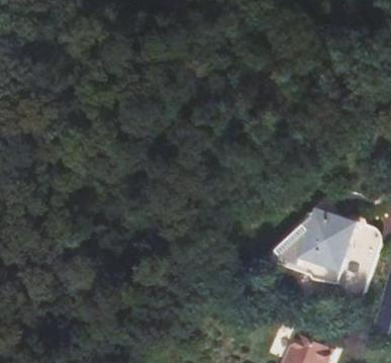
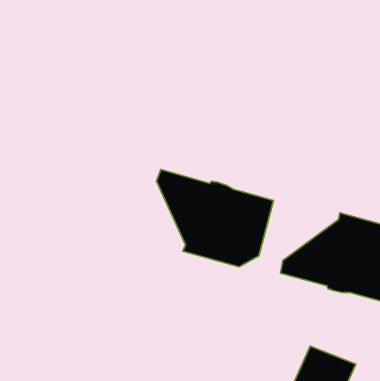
building: none -> [156,169,273,267]

